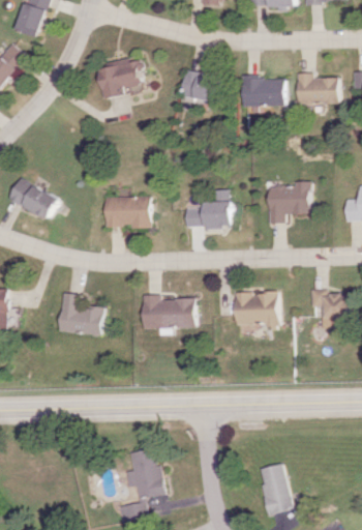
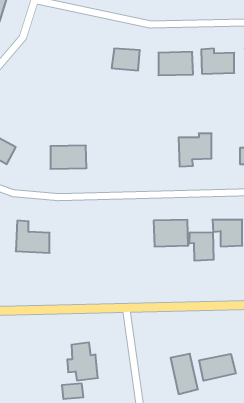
building: [96,60,143,98] -> none
building: [184,189,231,229] -> none
building: [141,295,195,328] -> none
building: none -> [190,232,214,261]
building: none -> [199,354,236,381]

